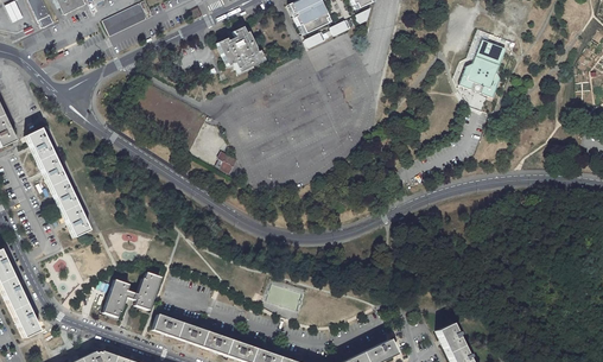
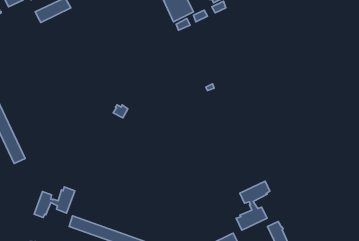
building: [218,27,266,72] -> none
building: [461,39,507,97] -> none
building: none -> [236,181,270,230]

